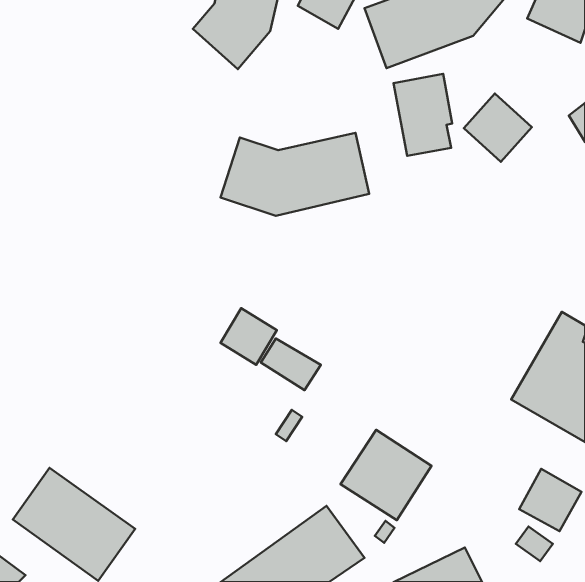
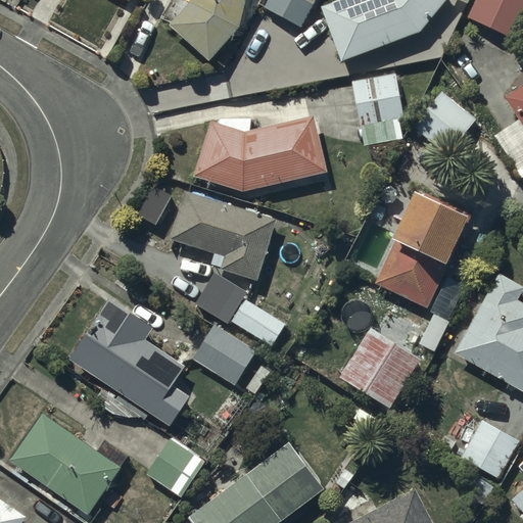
building: none -> [378,192,472,307]
building: none -> [174,193,278,281]
building: none -> [70,300,189,427]
building: none -> [192,326,254,384]
building: [340,430,432,520] -> [339,329,420,409]
building: none -> [145,438,202,495]

